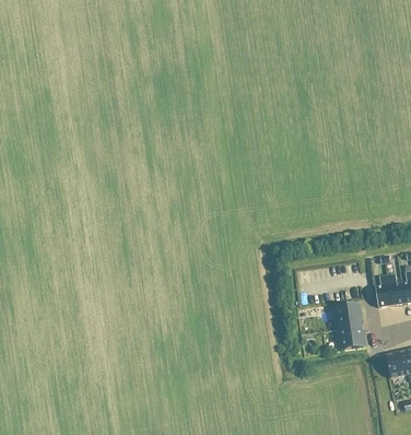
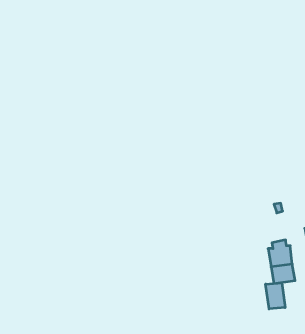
building: none -> [266,283,285,309]

